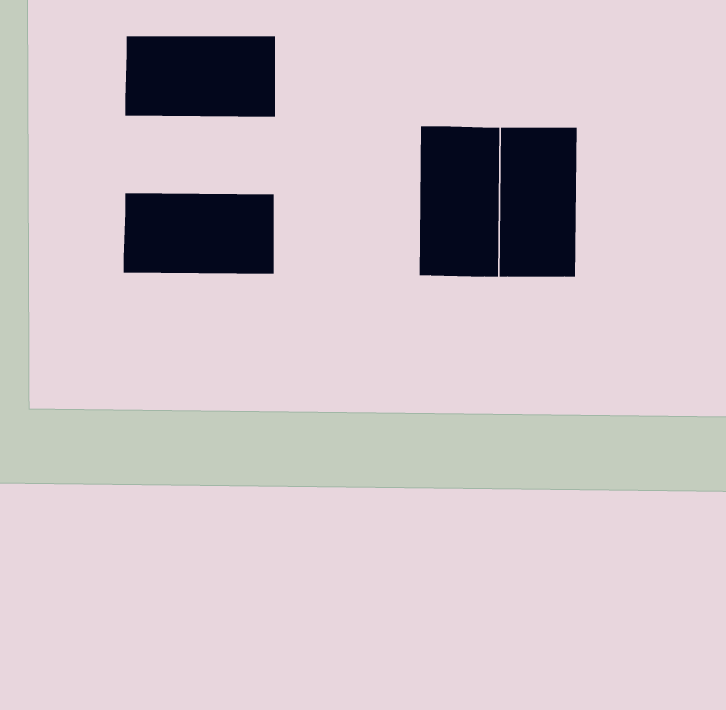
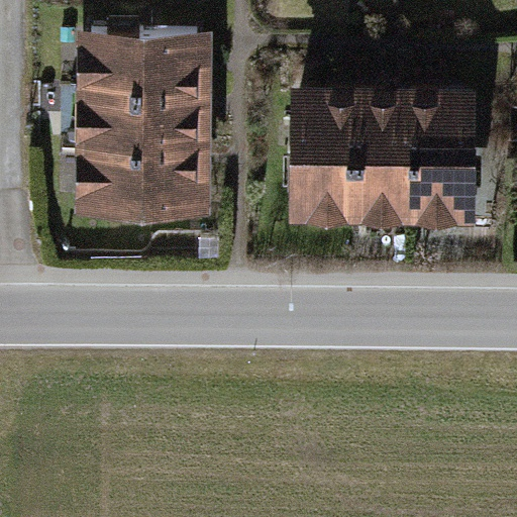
building: none -> [88,96,195,151]
building: none -> [407,104,464,211]

